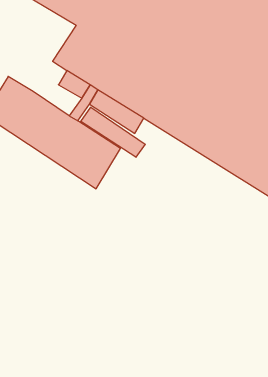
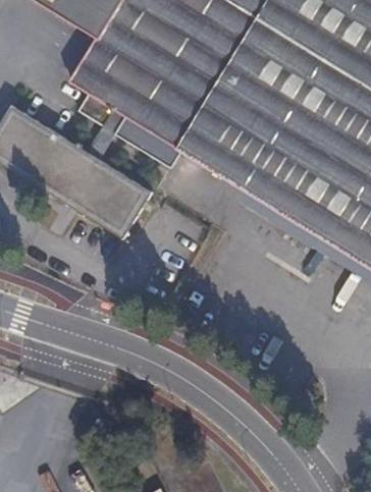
building: [81,107,145,157] -> none

